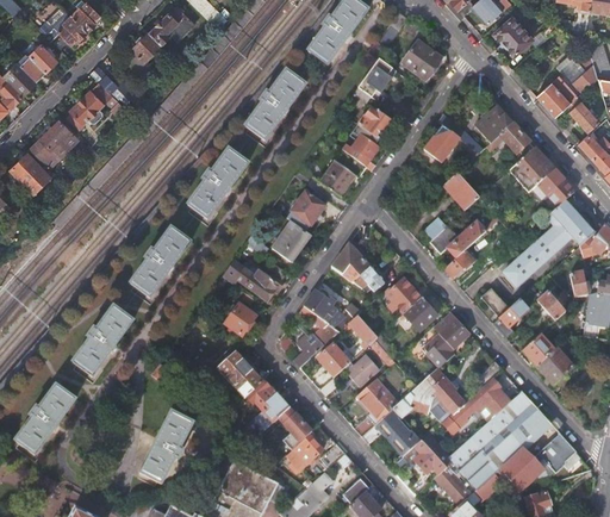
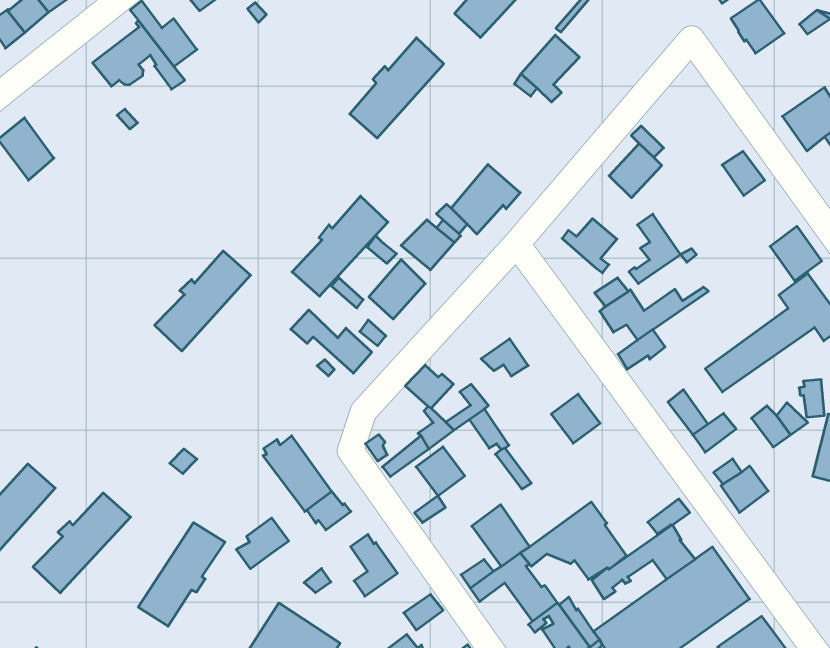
building: [402,41,442,80] -> none
building: [473,105,512,143] -> none
building: [359,106,392,139] -> none
building: [31,120,77,167] -> none
building: [342,135,379,170] -> [562,219,617,273]
building: [509,147,554,192] -> none
building: [187,149,248,219] -> [292,196,388,296]
building: [330,239,369,281] -> none
building: [385,278,419,313] -> none
building: [225,304,255,335] -> none
building: [71,306,133,376] -> [33,493,131,593]
building: [422,311,468,367] -> none
building: [536,348,573,385] -> none
building: [348,353,382,385] -> none
building: [254,393,288,429] -> [236,518,289,569]
building: [286,432,322,472] -> none

